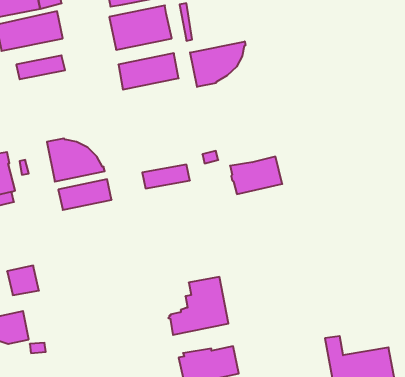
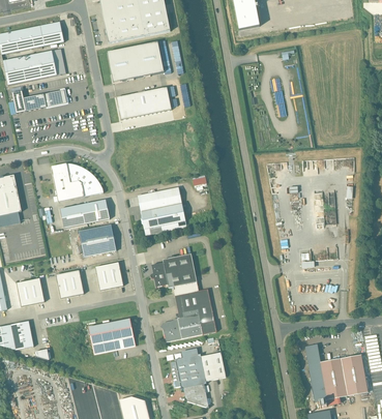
building: [190,41,245,87] -> none
building: [230,157,282,194] -> [140,201,187,235]
building: none -> [78,225,117,257]
building: none -> [151,253,197,287]
building: none -> [95,262,123,290]
building: none -> [56,270,84,298]
building: none -> [89,318,136,353]

